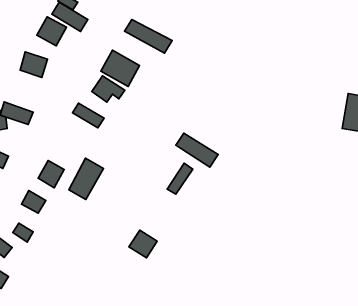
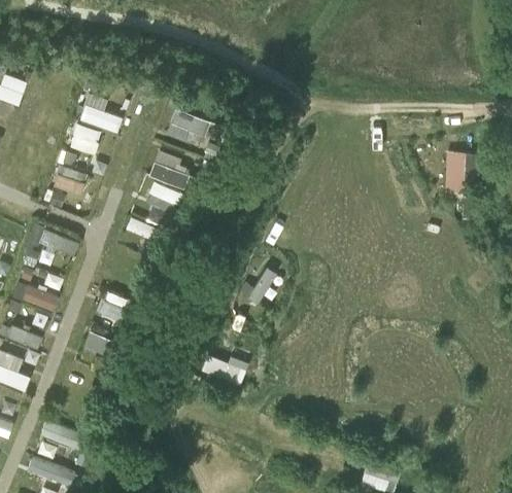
building: [176,133,218,167] -> none
building: [69,158,103,200] -> none

